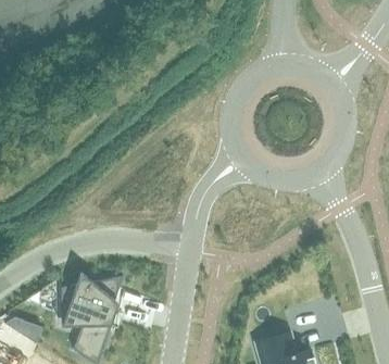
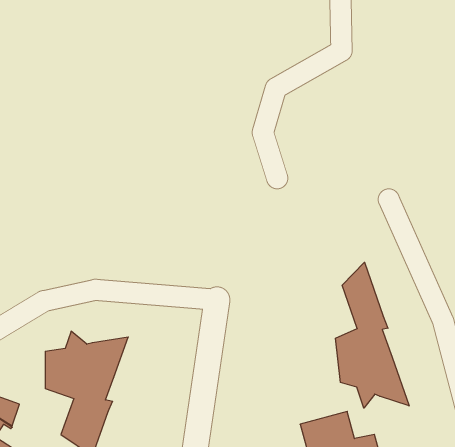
building: none -> [336,262,409,408]

